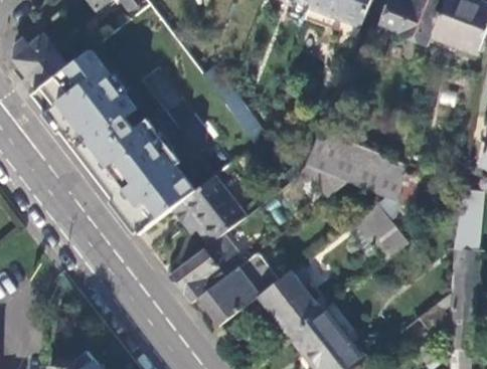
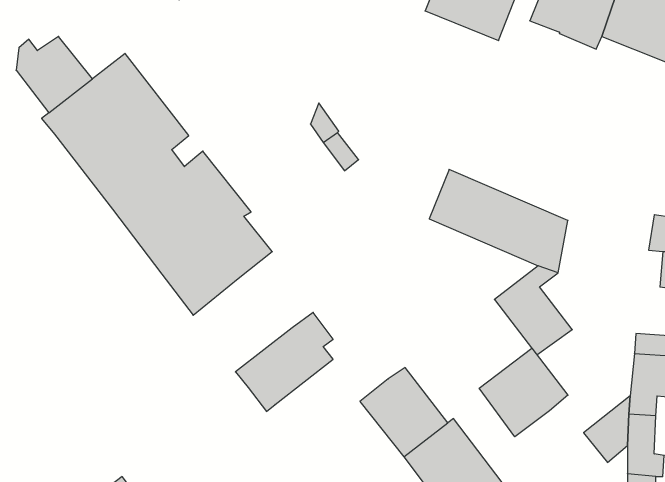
building: [171,175,247,243] -> none
building: [197,252,278,326] -> none
building: none -> [479,348,568,437]

